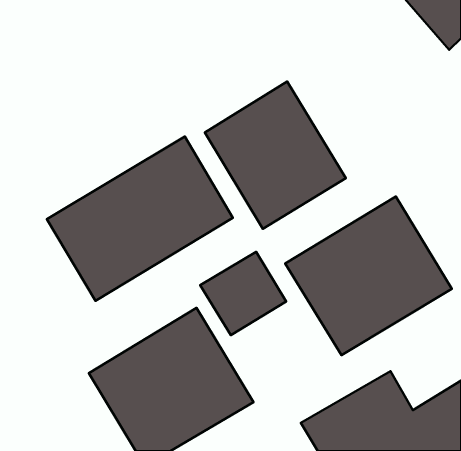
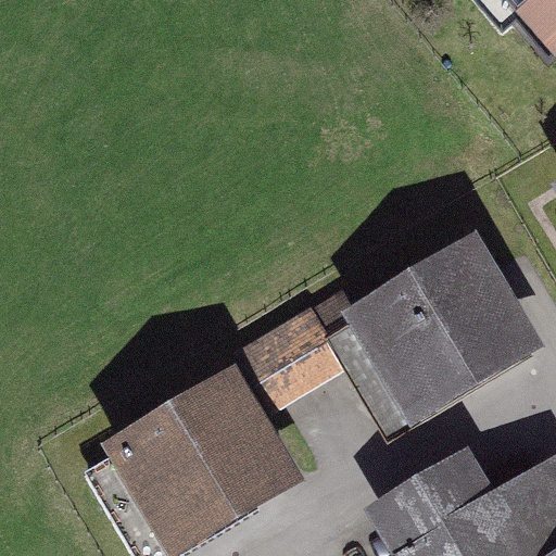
building: [205,82,346,229] -> none
building: [47,136,233,301] -> none

